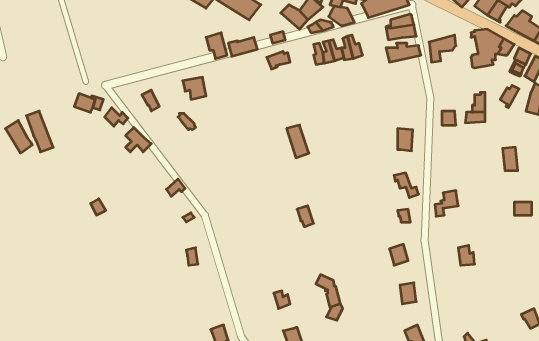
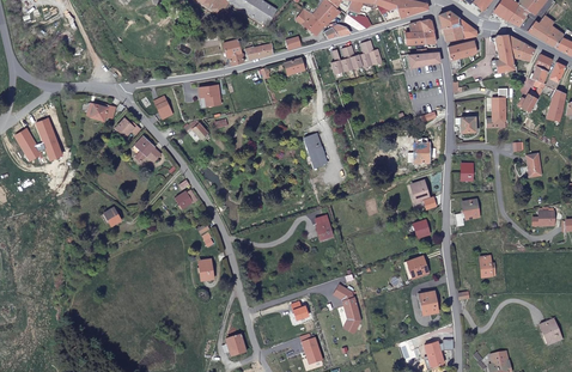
building: none -> [439,12,477,43]

